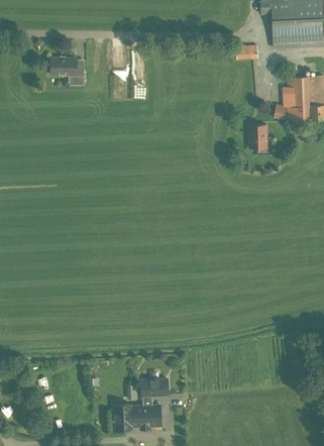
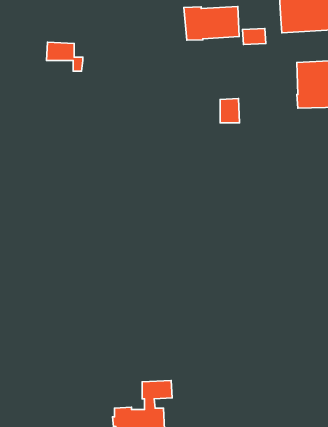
building: none -> [184,6,239,40]
building: [248,124,266,147] -> [220,98,239,123]

